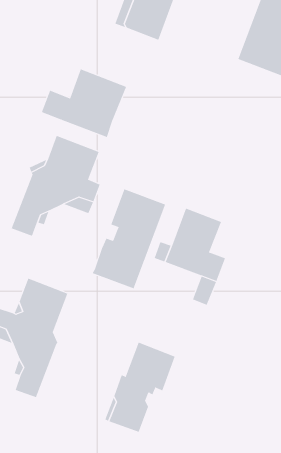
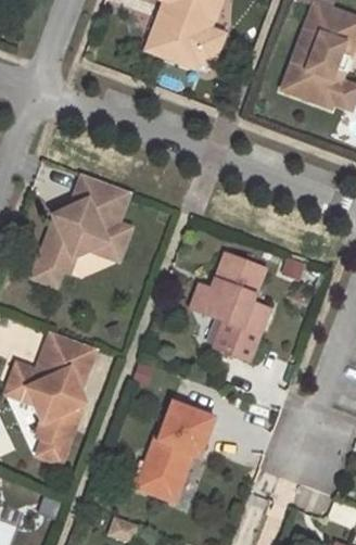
building: [41,69,127,138] -> none
building: [92,189,166,289] -> none

